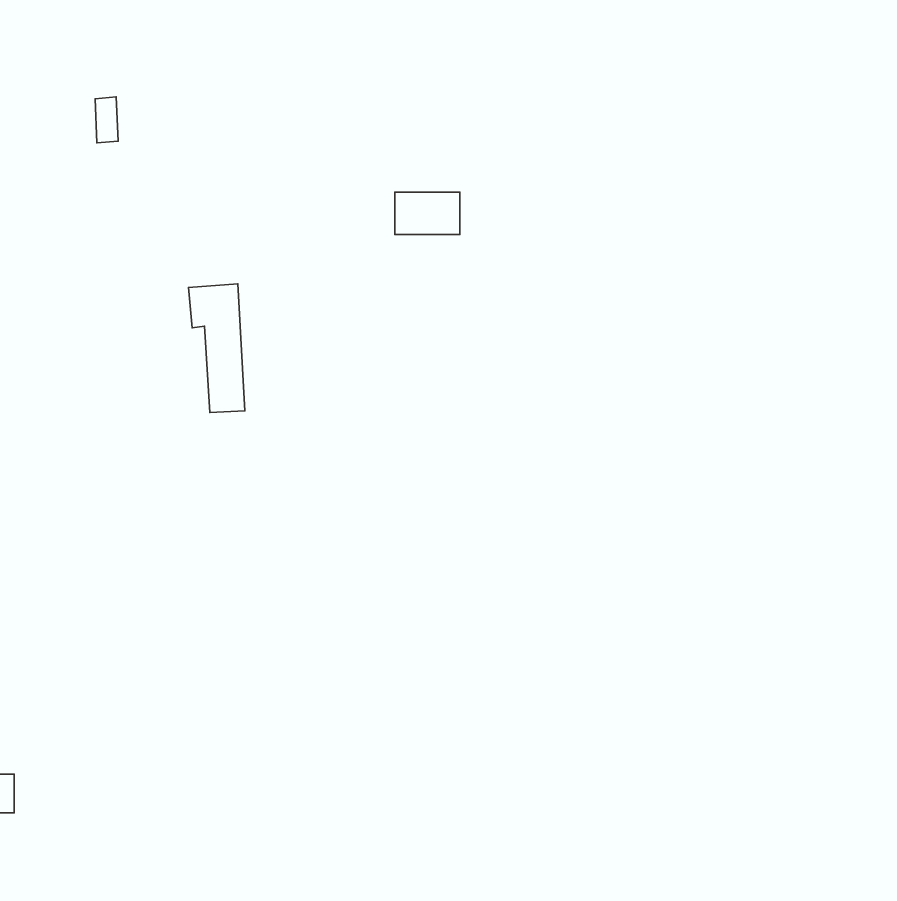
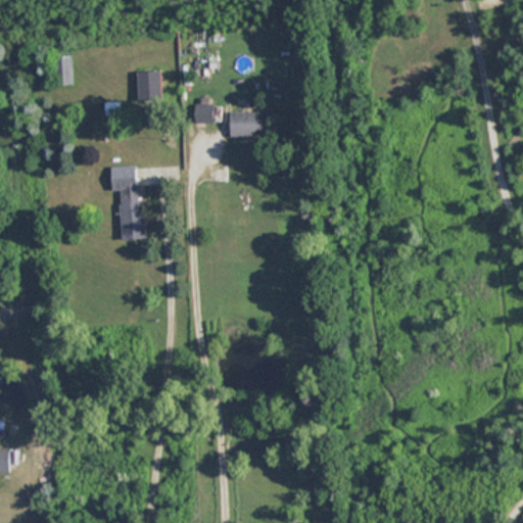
building: none -> [138,70,162,100]
building: none -> [193,104,219,123]

